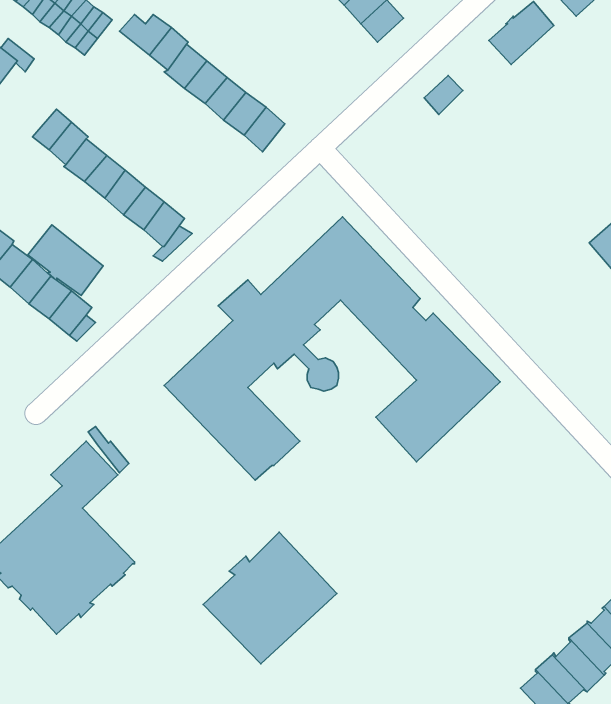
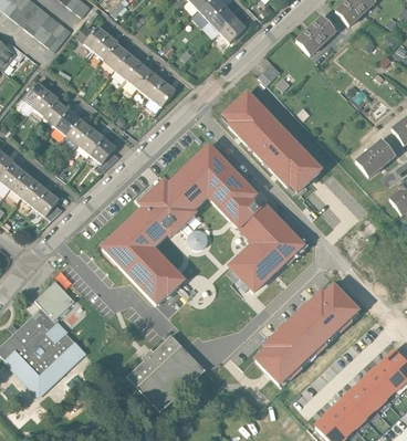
building: none -> [225,93,321,191]
building: [28,225,103,296] -> none
building: none -> [255,285,358,385]

